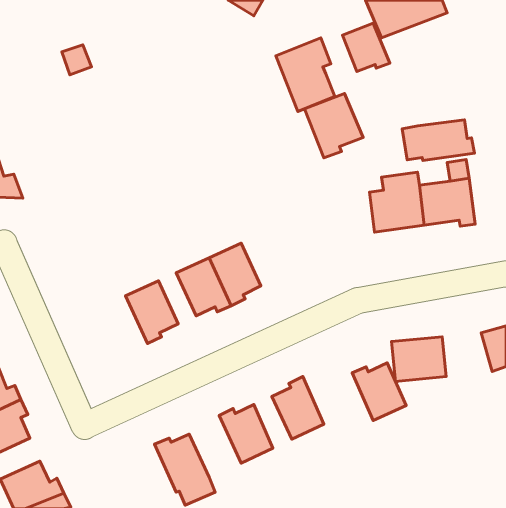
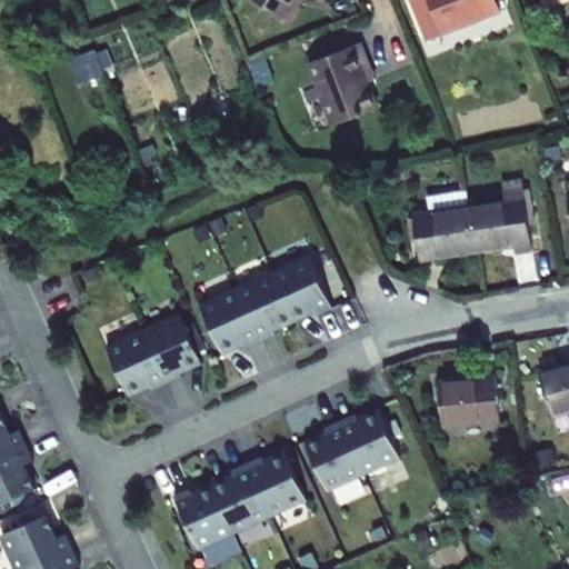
building: [342,23,390,72] -> none
building: [304,93,363,158] -> none
building: [402,120,475,160] -> none
building: none -> [269,256,330,320]
building: none -> [104,331,164,396]
building: [352,363,406,420] -> [338,410,398,475]
building: none -> [211,465,269,533]

